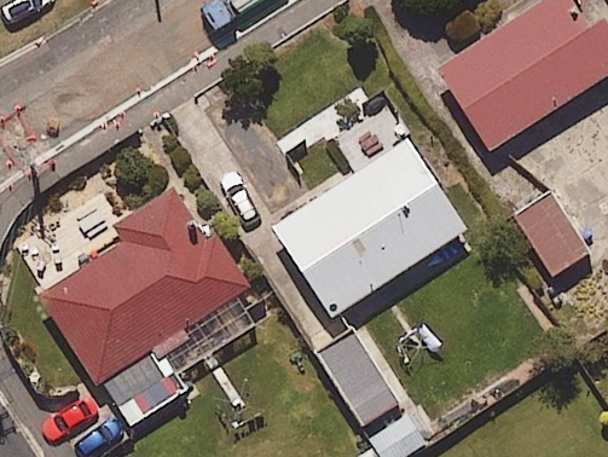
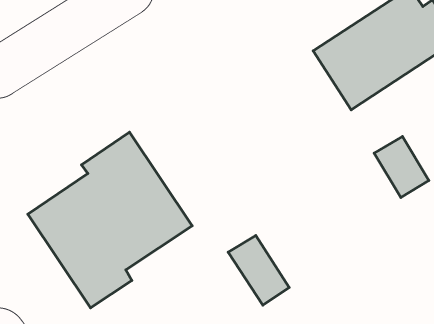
building: [273,103,465,317] -> none

